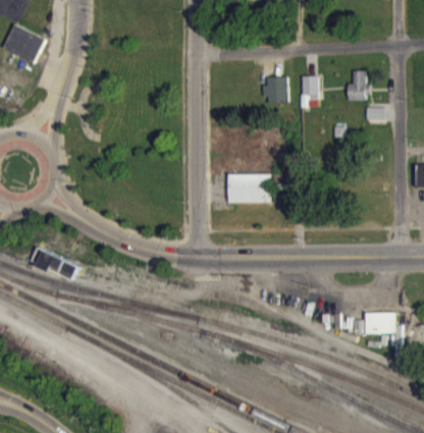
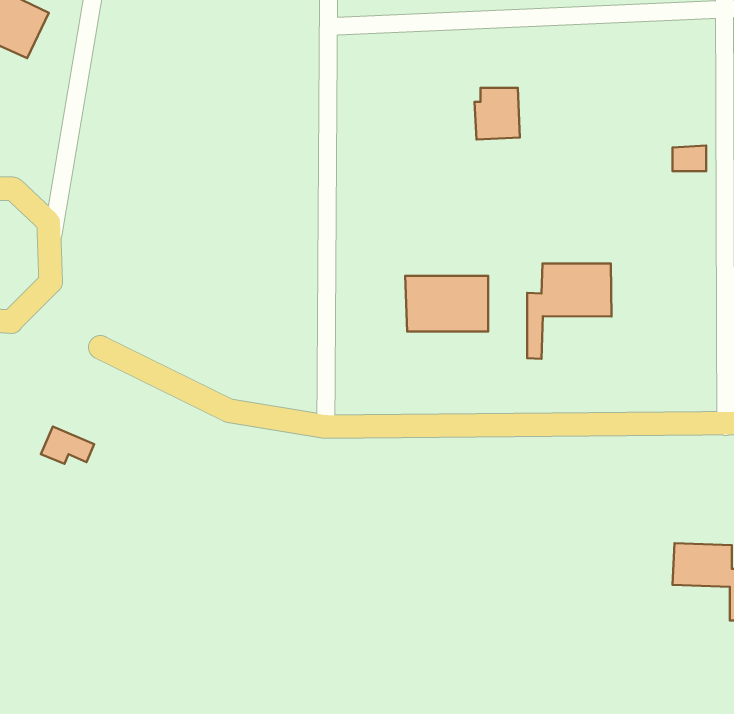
building: [347,69,367,100] -> none
building: [300,75,317,107] -> none
building: none -> [527,263,611,359]

